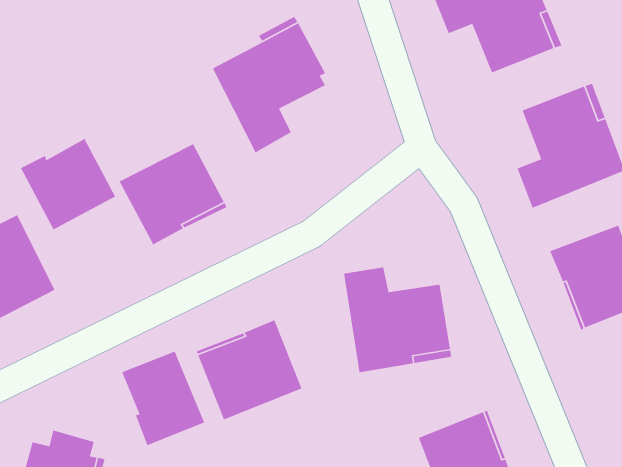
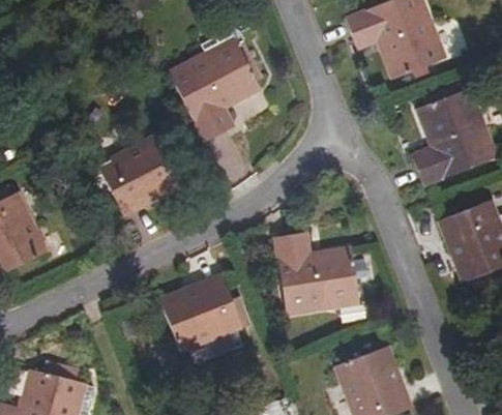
building: [20,138,116,230] -> none
building: [121,350,205,446] -> none

